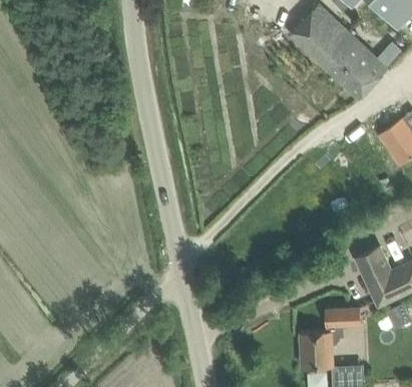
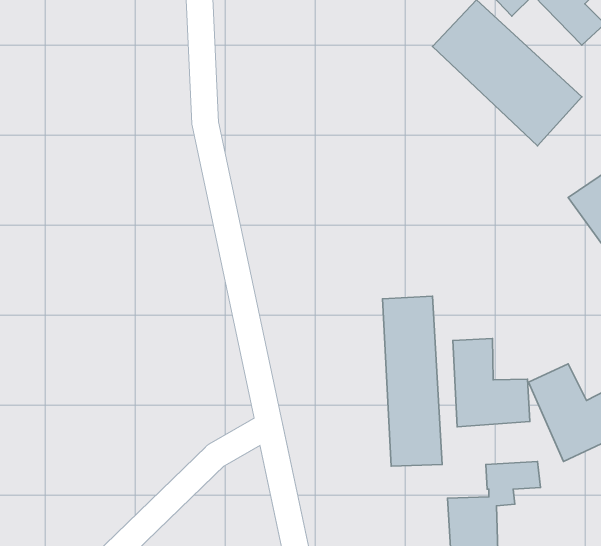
building: none -> [382,296,442,466]
building: none -> [453,338,530,427]

